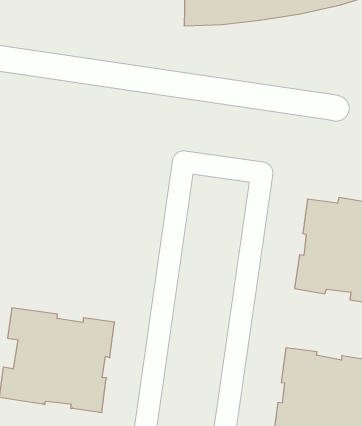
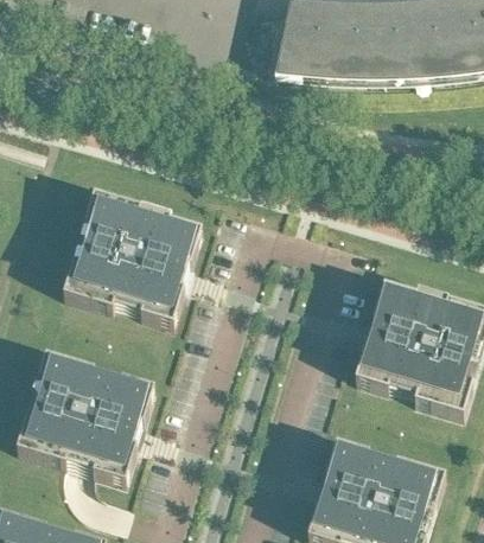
building: none -> [59,189,198,320]

